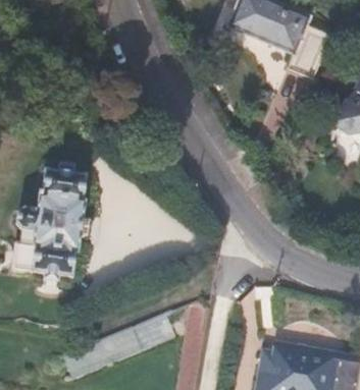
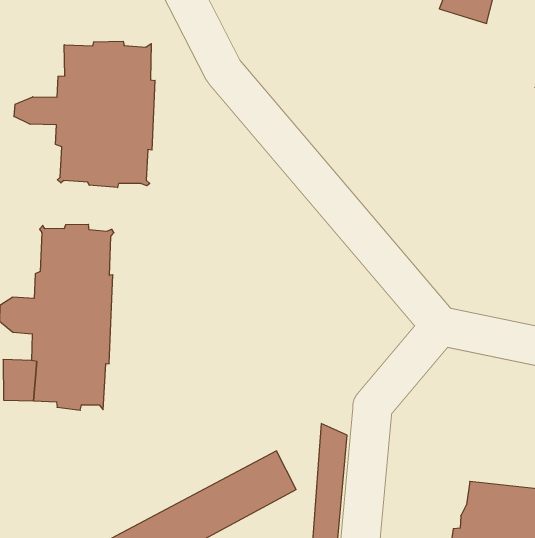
building: none -> [14,41,155,188]

